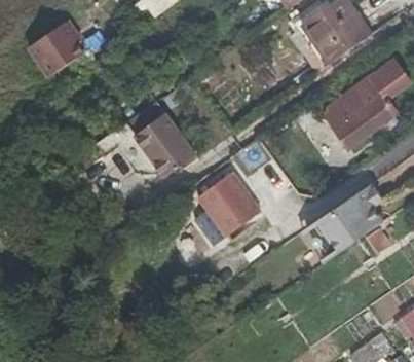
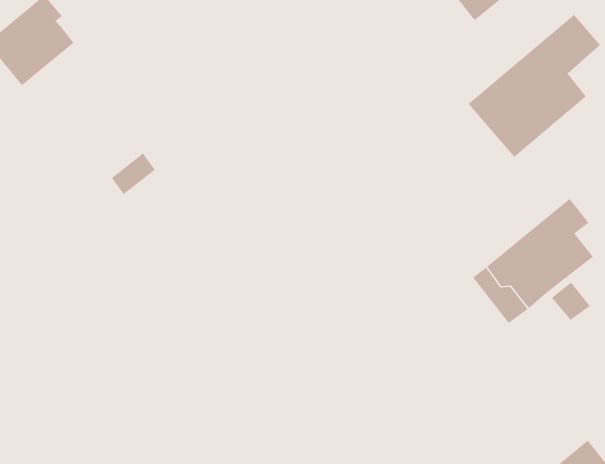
building: [134,113,190,175] -> none
building: [196,171,258,234] -> none

